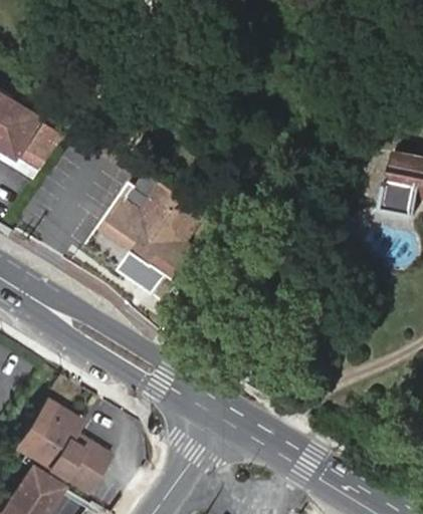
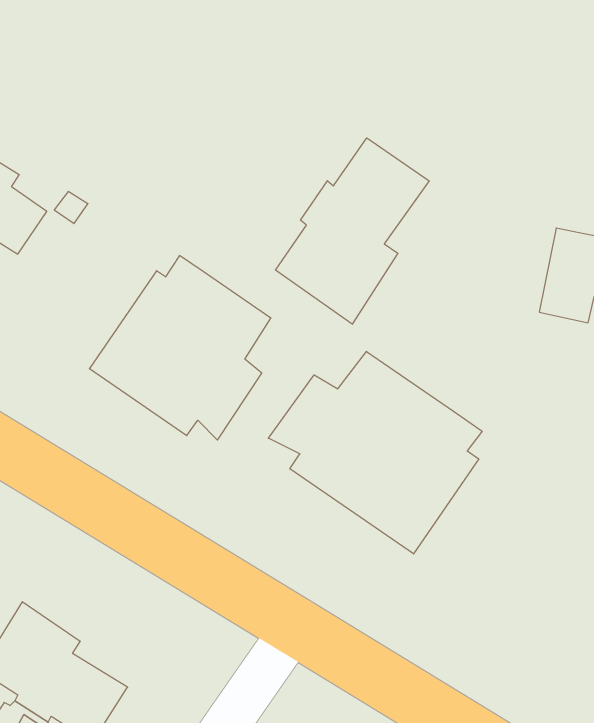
building: none -> [276,138,429,324]
building: none -> [268,351,482,554]

